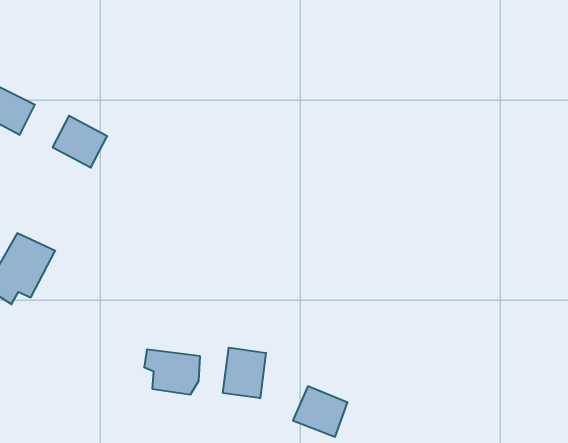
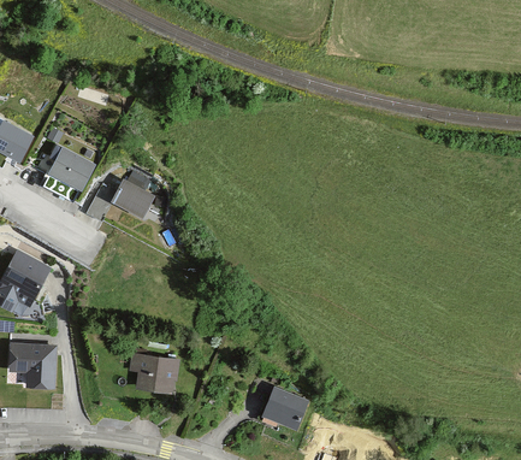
building: none -> [85,181,156,224]
building: none -> [8,343,54,389]
building: [223,348,266,398] -> none

